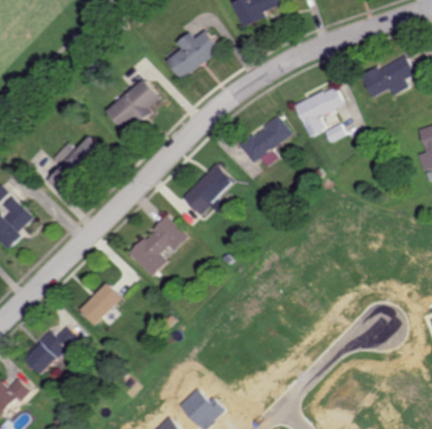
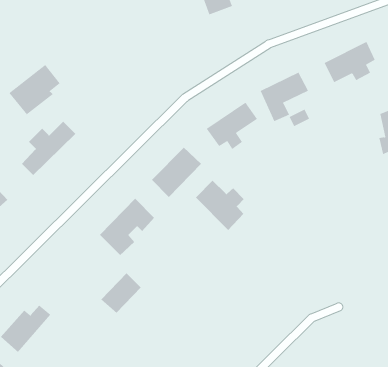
building: [166,29,220,79] -> none
building: [106,79,160,131] -> [8,64,60,115]
building: none -> [195,180,244,231]
building: [78,282,120,325] -> [101,272,142,313]

